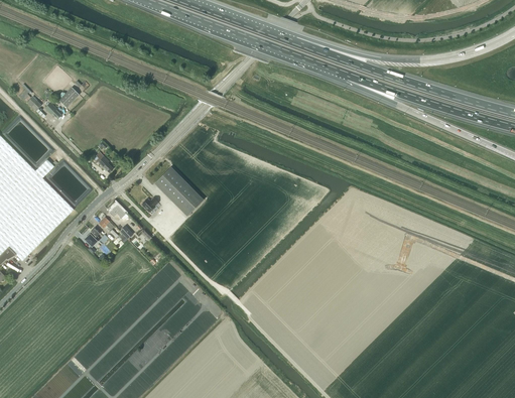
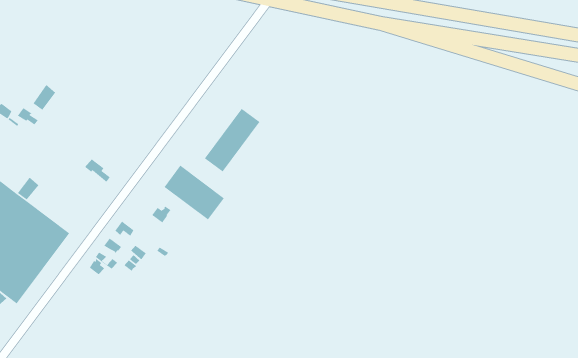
building: none -> [204,108,260,173]

